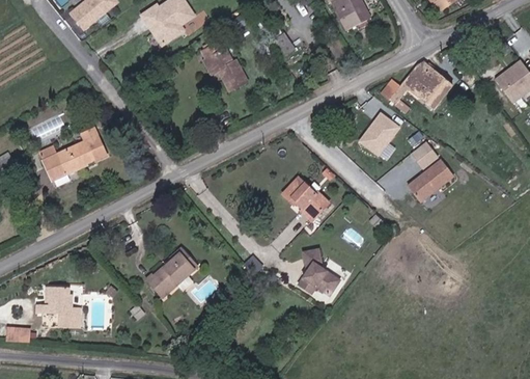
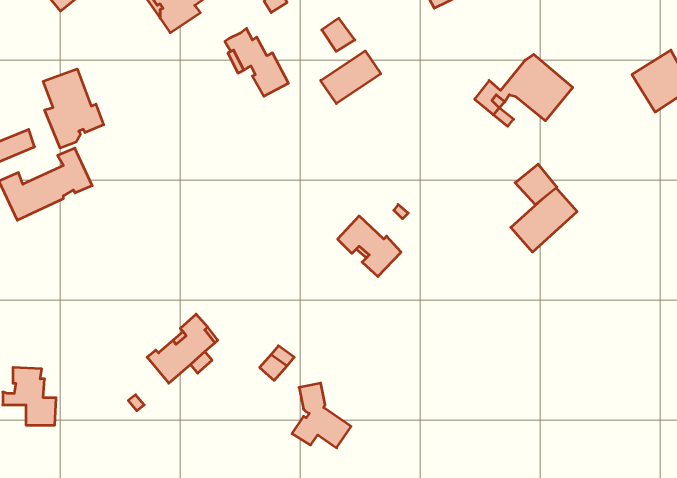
building: none -> [321,51,381,104]
building: none -> [43,69,104,148]
building: [357,109,401,156] -> none
building: [297,248,339,295] -> [292,383,351,448]

